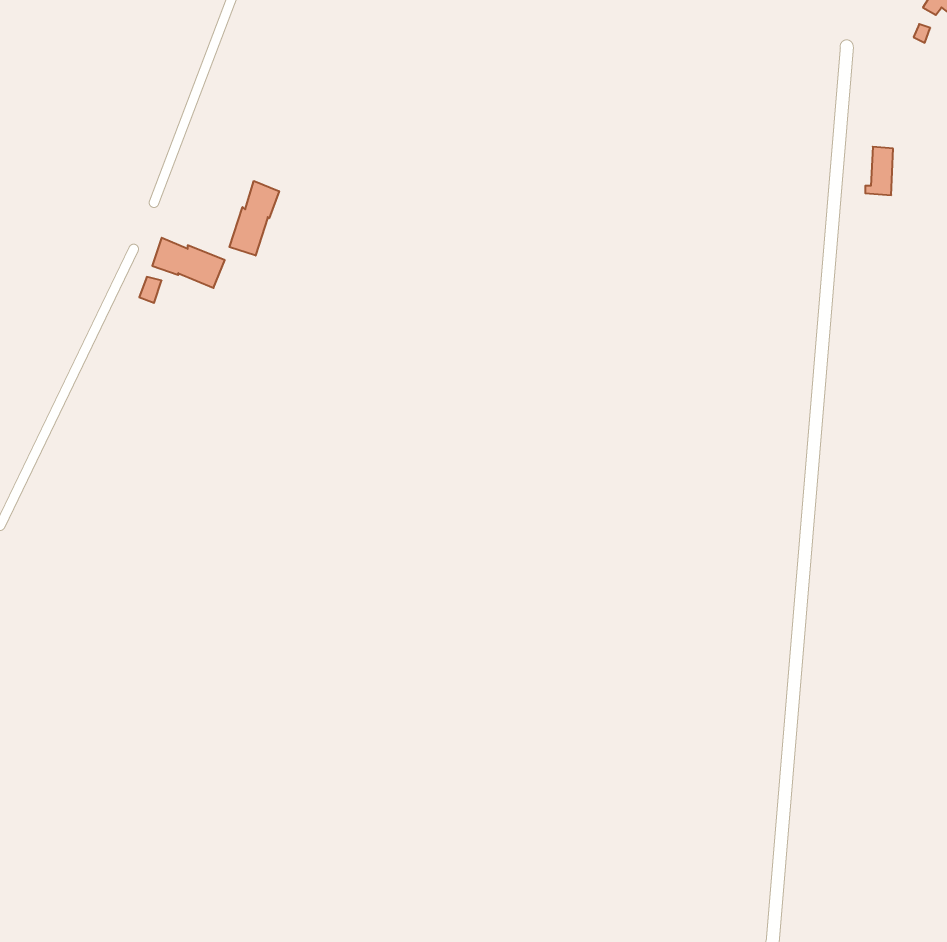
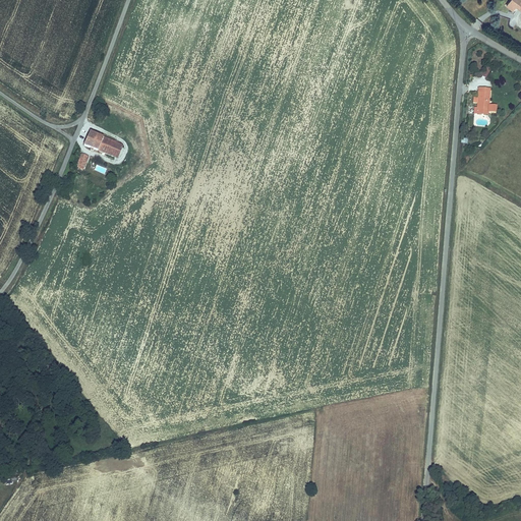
building: [229,181,279,256] -> none

